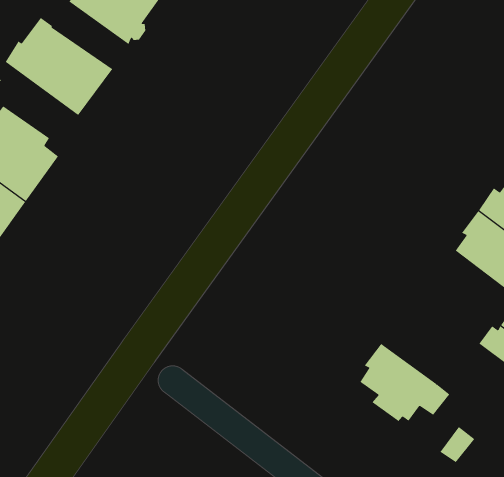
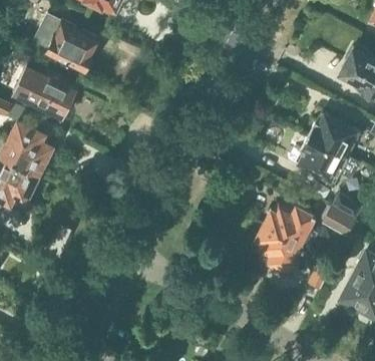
building: none -> [263,204,317,249]

